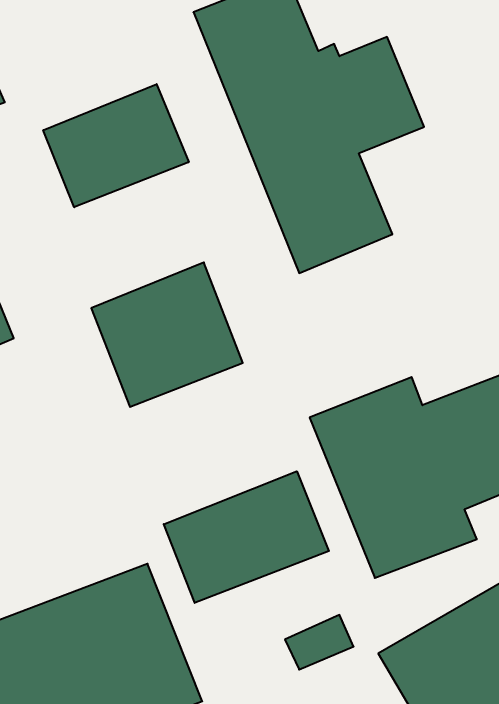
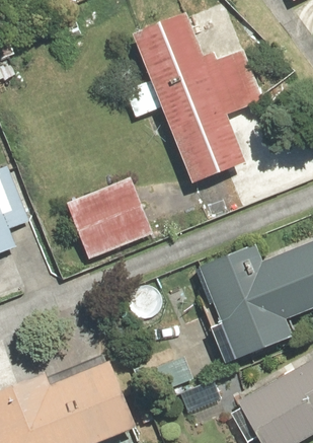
building: [43,84,189,207] -> none
building: [164,471,329,603] -> none

